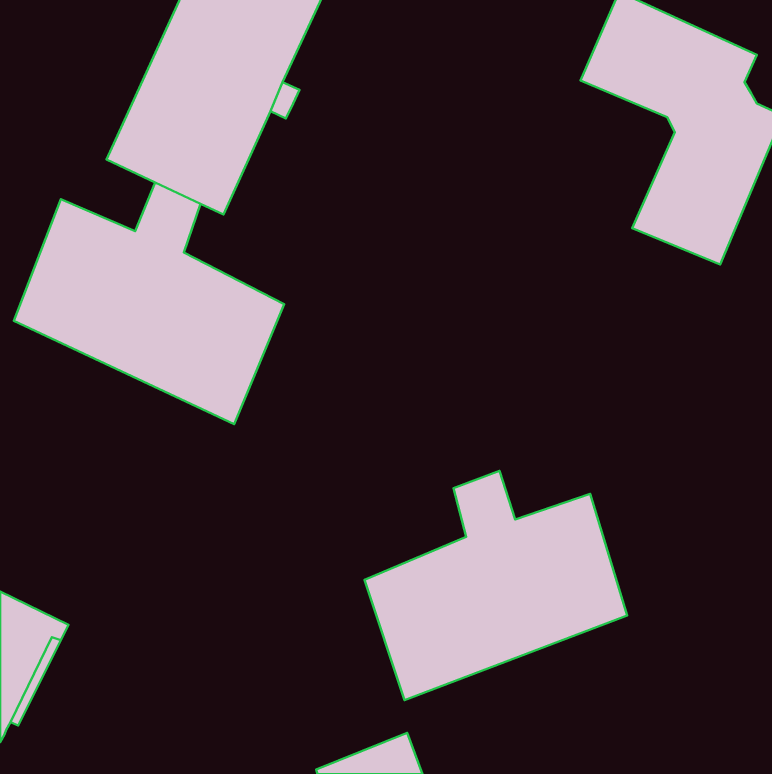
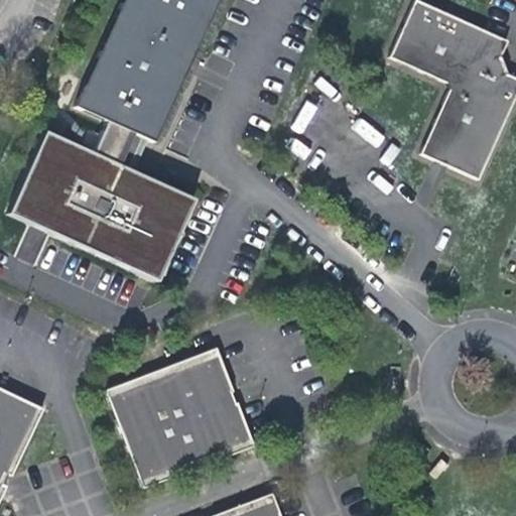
building: [364,471,627,700] -> none
building: none -> [109,349,260,490]

